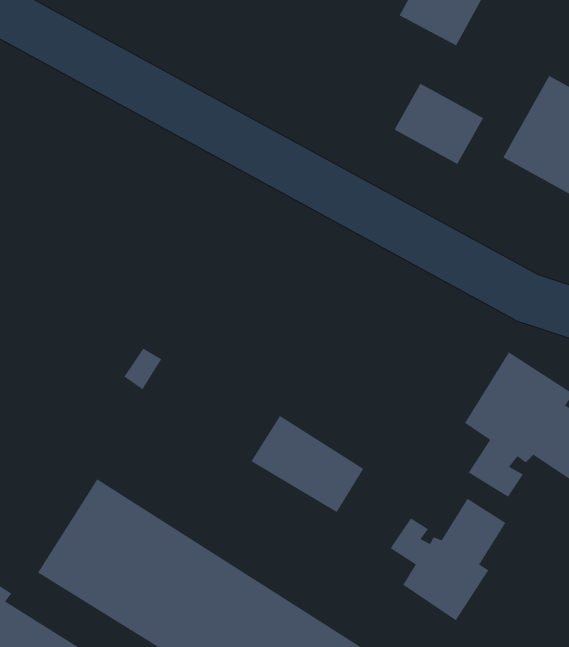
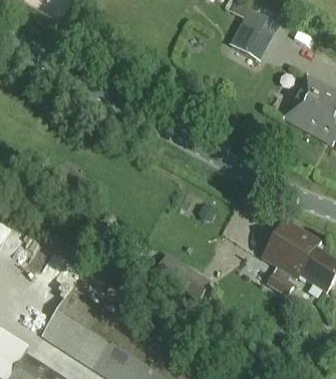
building: [394,83,484,165] -> none
building: [390,498,506,621] -> none

